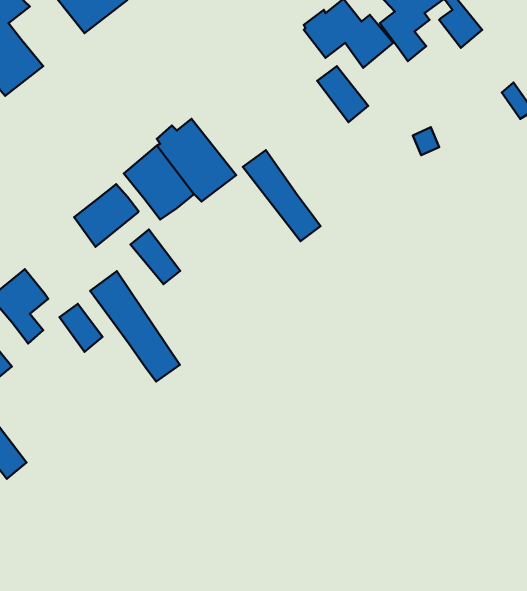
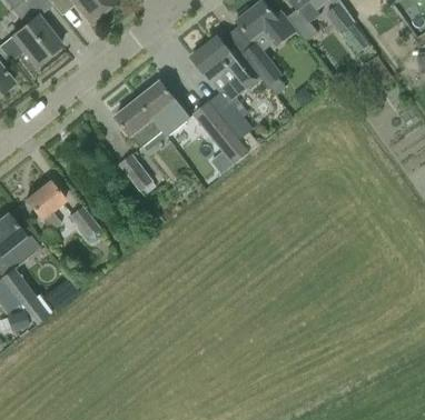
building: none -> [190,37,258,132]
building: [74,184,138,247] -> none
building: [90,271,180,382] -> none

